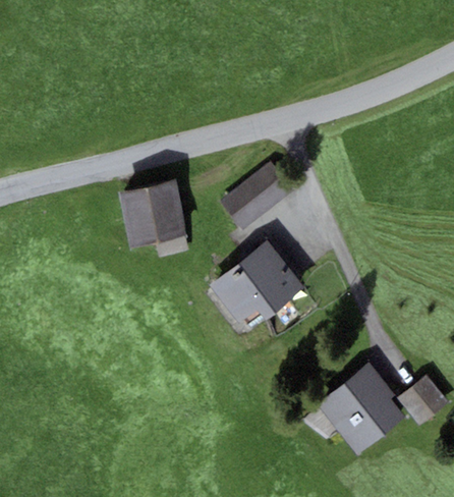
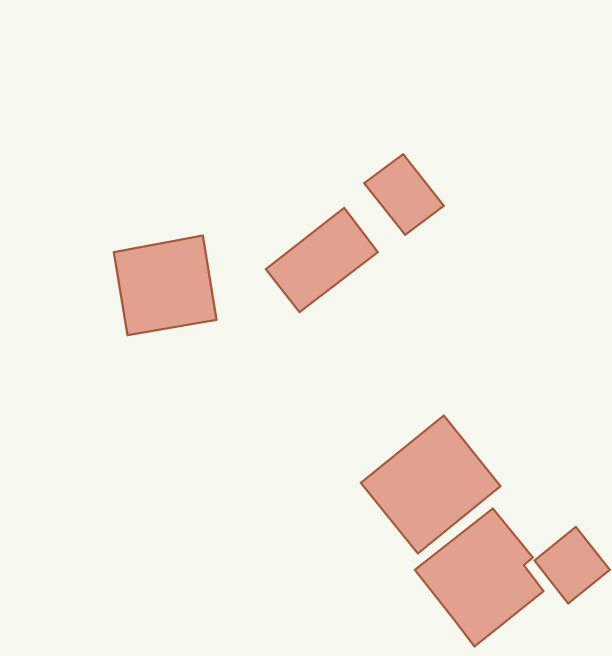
building: none -> [364,154,444,235]
building: [210,239,302,331] -> [361,415,501,554]

